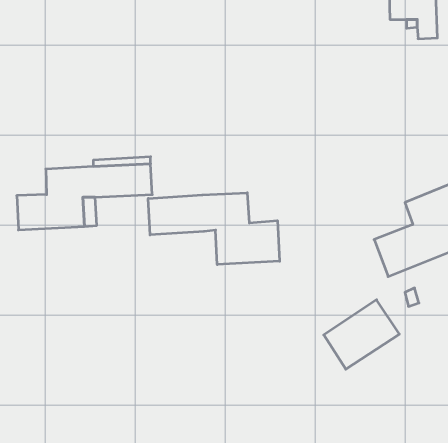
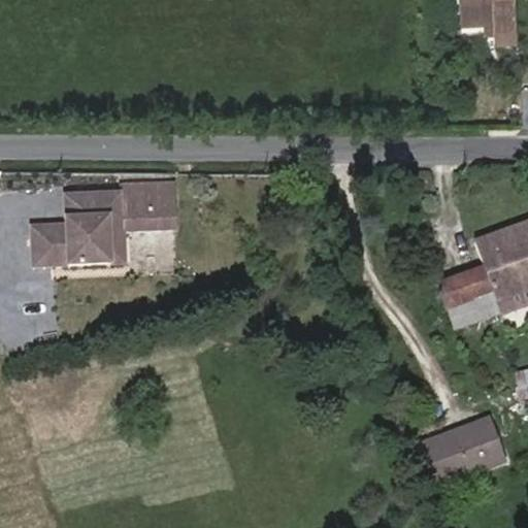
building: [148,193,280,265] -> none
building: [324,300,399,369] -> [430,401,519,483]

